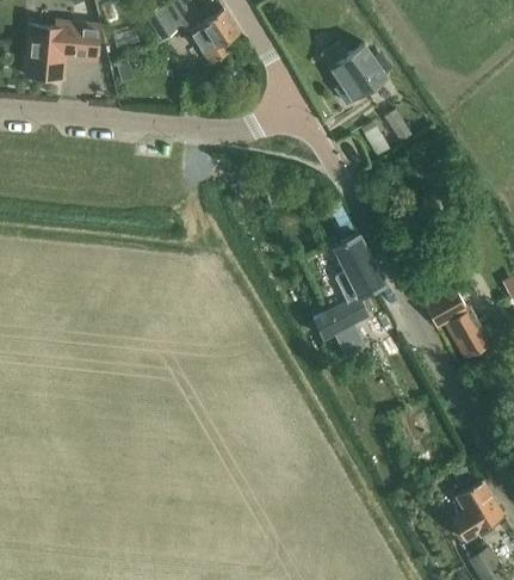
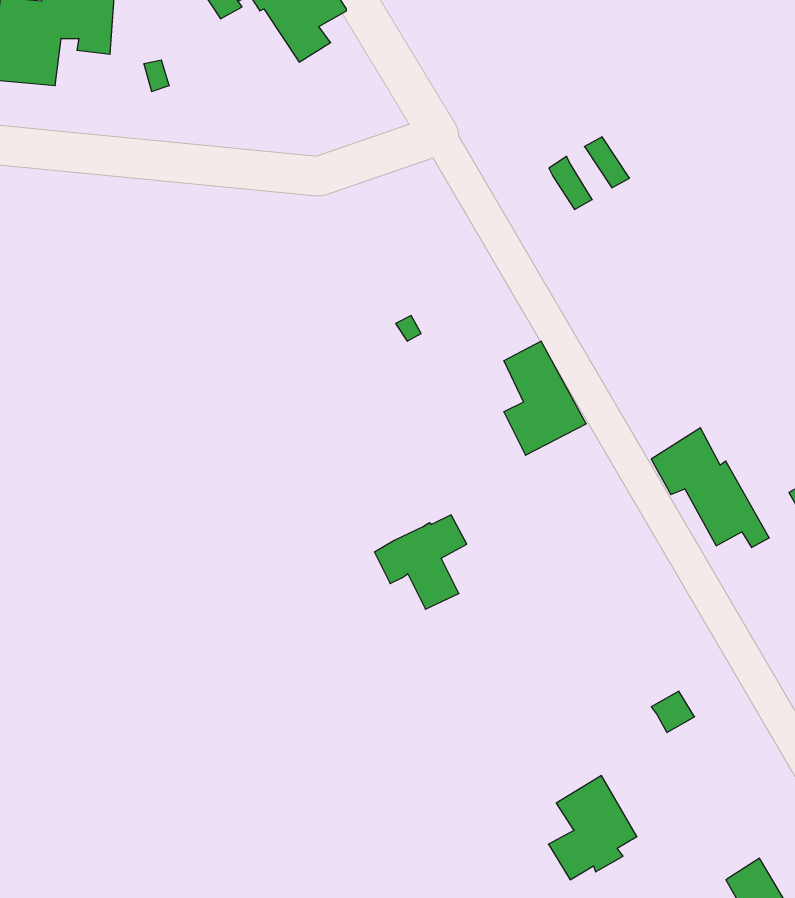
building: [322,44,386,105] -> none
building: [314,298,370,356] -> [374,515,467,609]
building: [451,480,504,543] -> [548,776,637,880]

